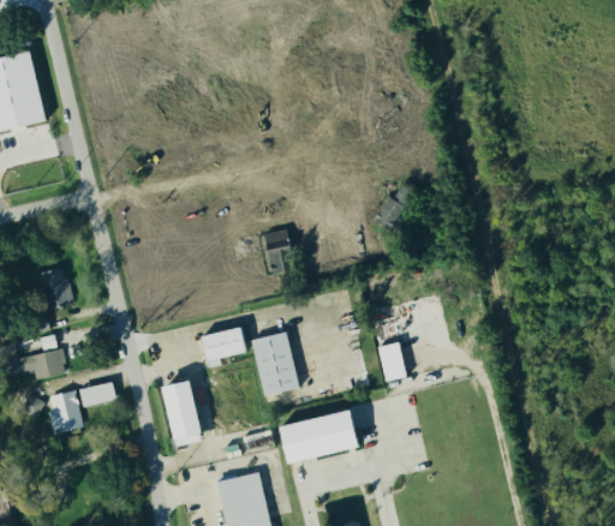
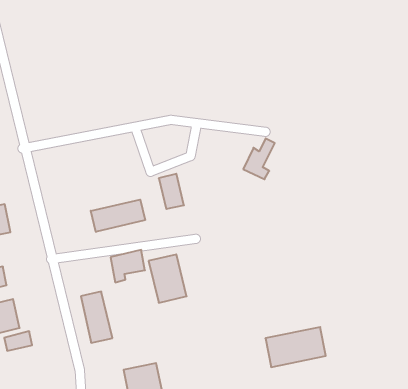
building: none -> [91,200,145,232]
building: [377,341,406,381] -> none
building: [79,381,115,406] -> [4,331,32,351]
building: [280,410,358,461] -> [265,327,326,367]

